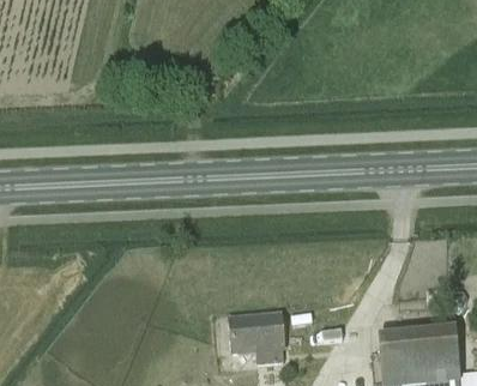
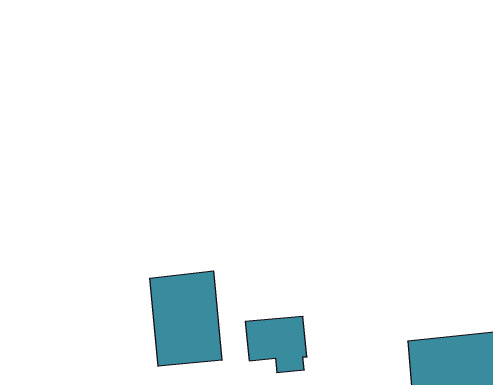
building: none -> [150,271,222,366]

